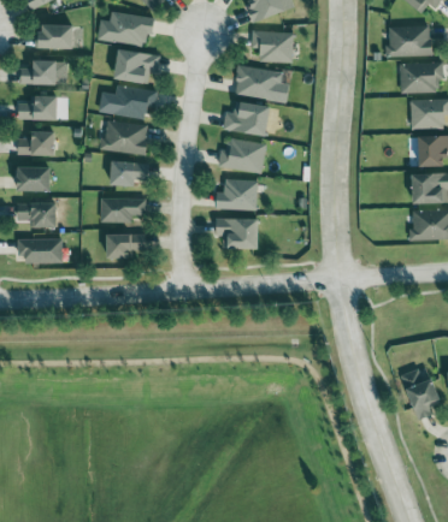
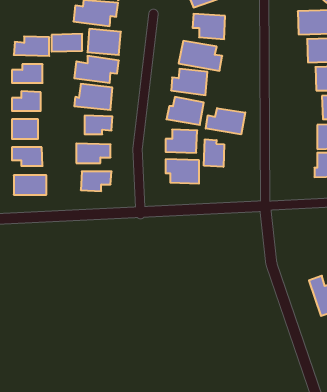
building: [35,25,75,48] -> [52,34,82,52]
building: none -> [206,108,245,134]
building: none -> [204,139,224,167]

